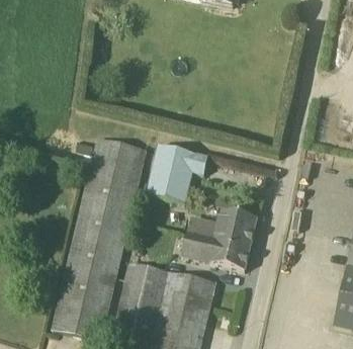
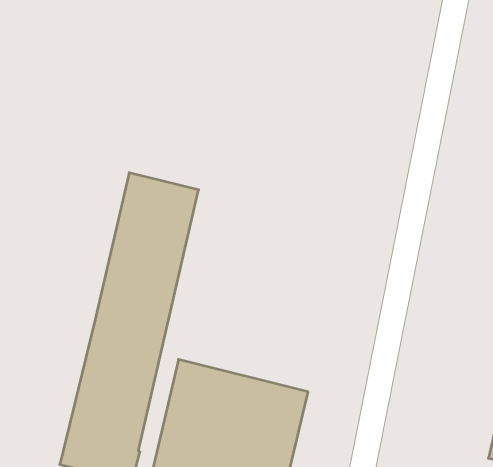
building: [148,145,208,203] -> none
building: [184,208,257,269] -> none

